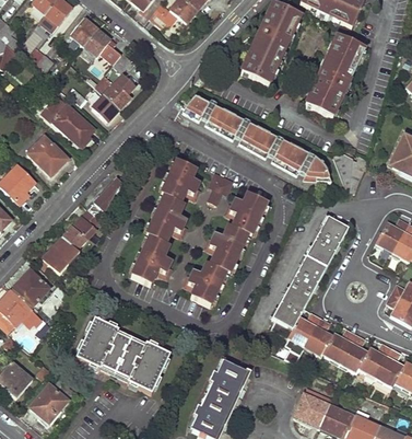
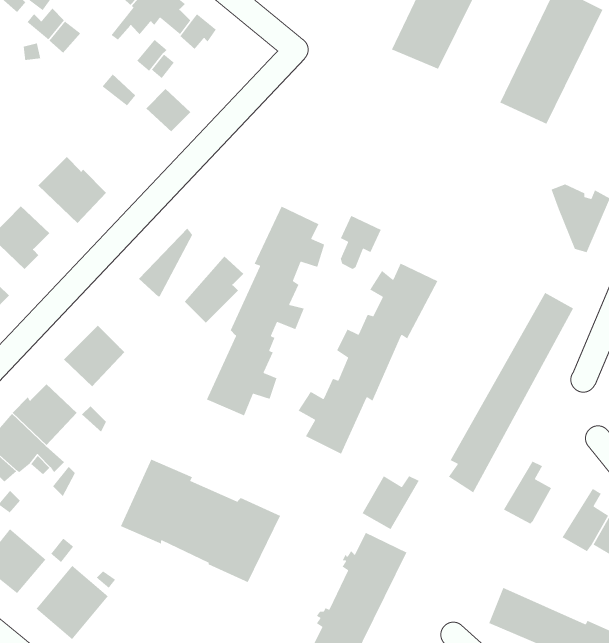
building: [104,74,136,109] -> none
building: [42,96,94,146] -> none
building: [181,97,331,183] -> none
building: [63,209,99,250] -> [184,256,244,323]
building: [287,314,322,347] -> [361,475,420,530]
building: [323,330,358,363] -> none

